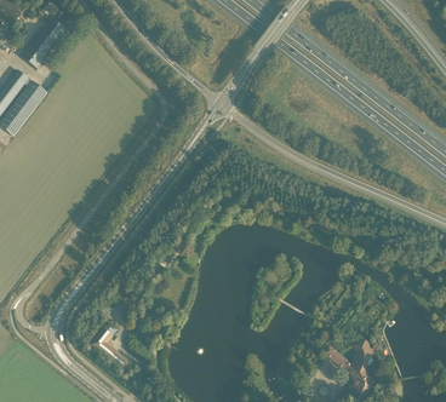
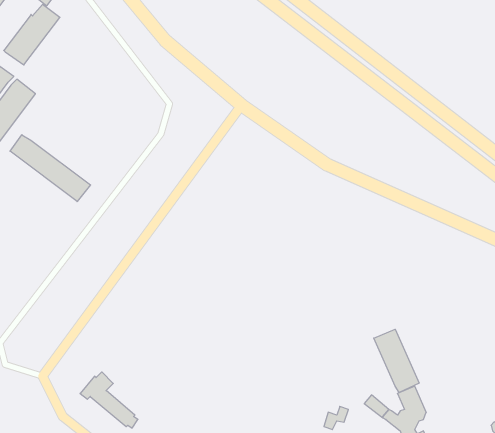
building: none -> [10,135,91,202]
building: none -> [374,329,419,392]

